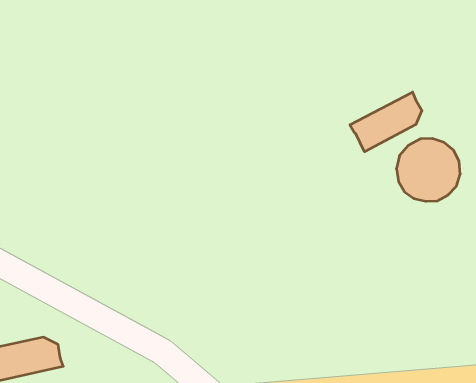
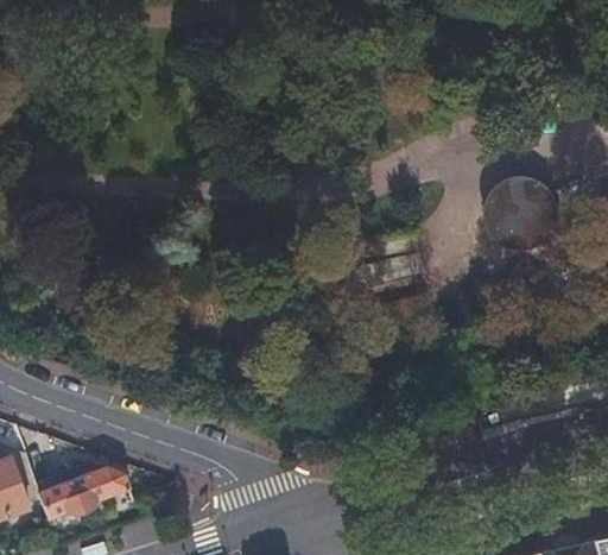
building: [350,92,422,152] -> none

